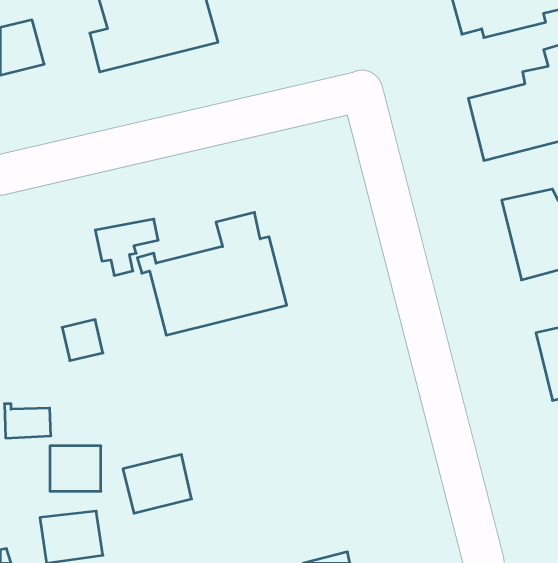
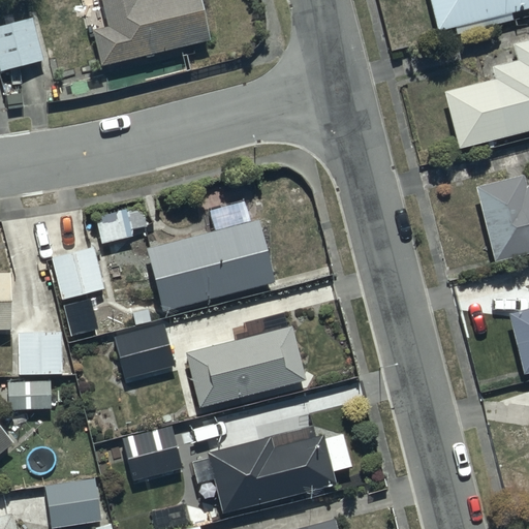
building: none -> [54,248,107,301]
building: none -> [185,313,305,405]
building: none -> [115,323,178,379]
building: [50,446,101,491] -> [19,333,66,375]
building: none -> [206,423,352,514]

